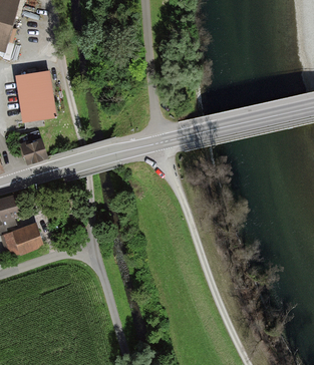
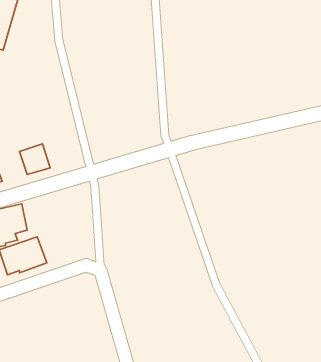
building: [17,70,55,121] -> none

